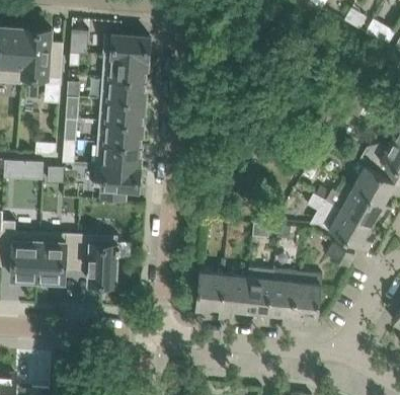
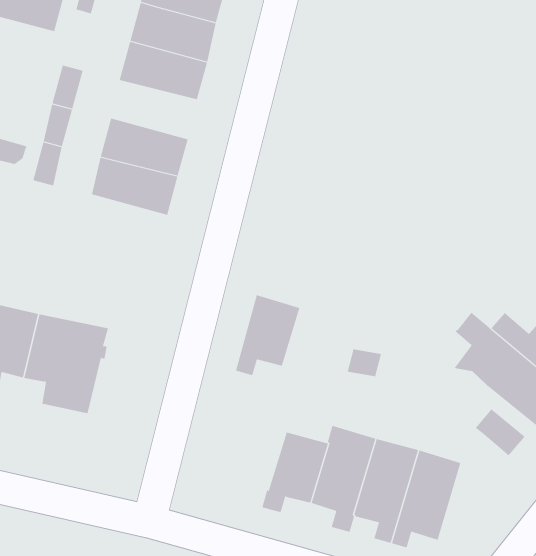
building: [98,99,144,125] -> none
building: [93,164,139,202] -> none
building: [194,271,224,316] -> [235,295,300,376]

